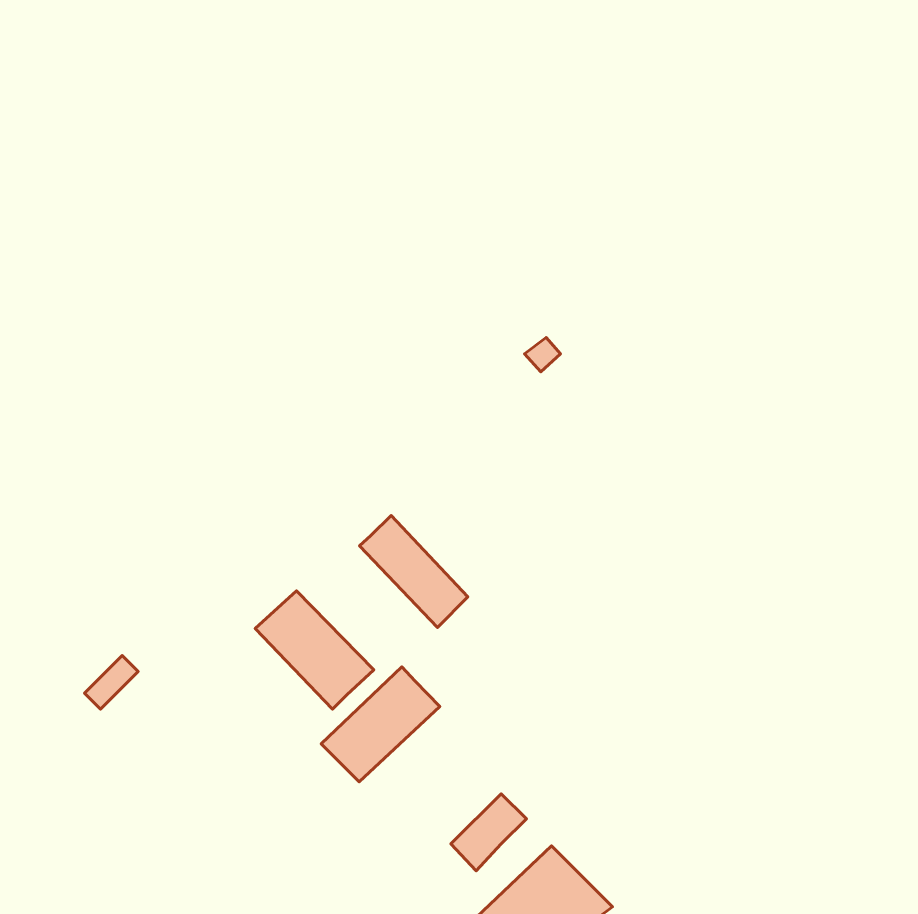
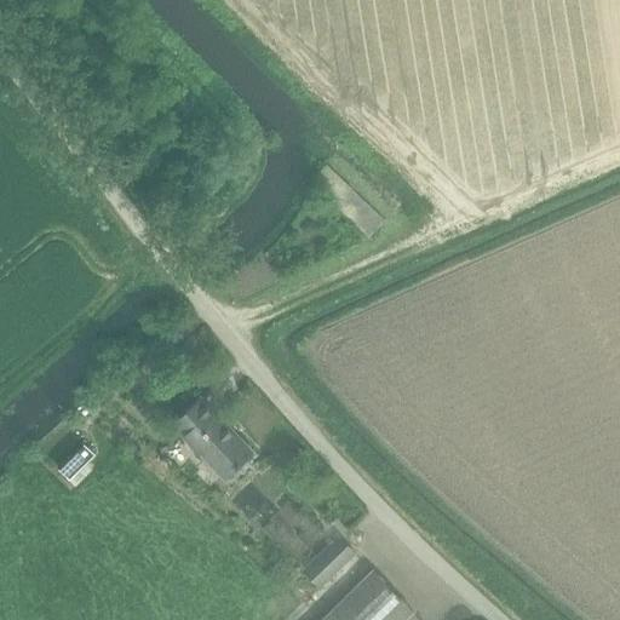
building: [359,515,468,627] -> none
building: [321,667,440,782] -> none

